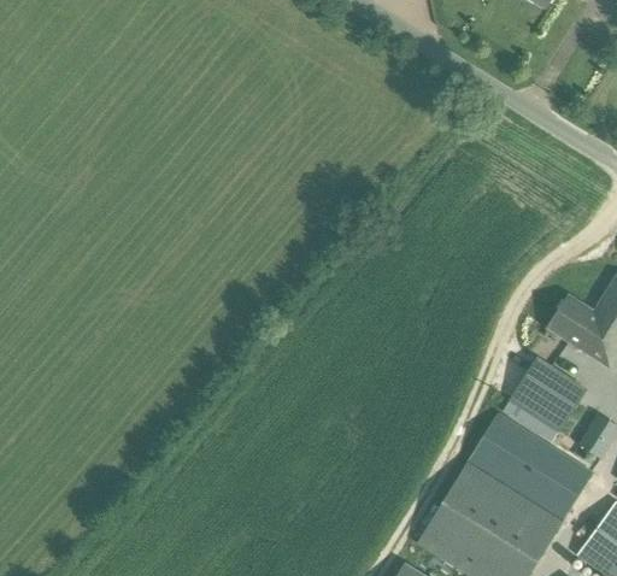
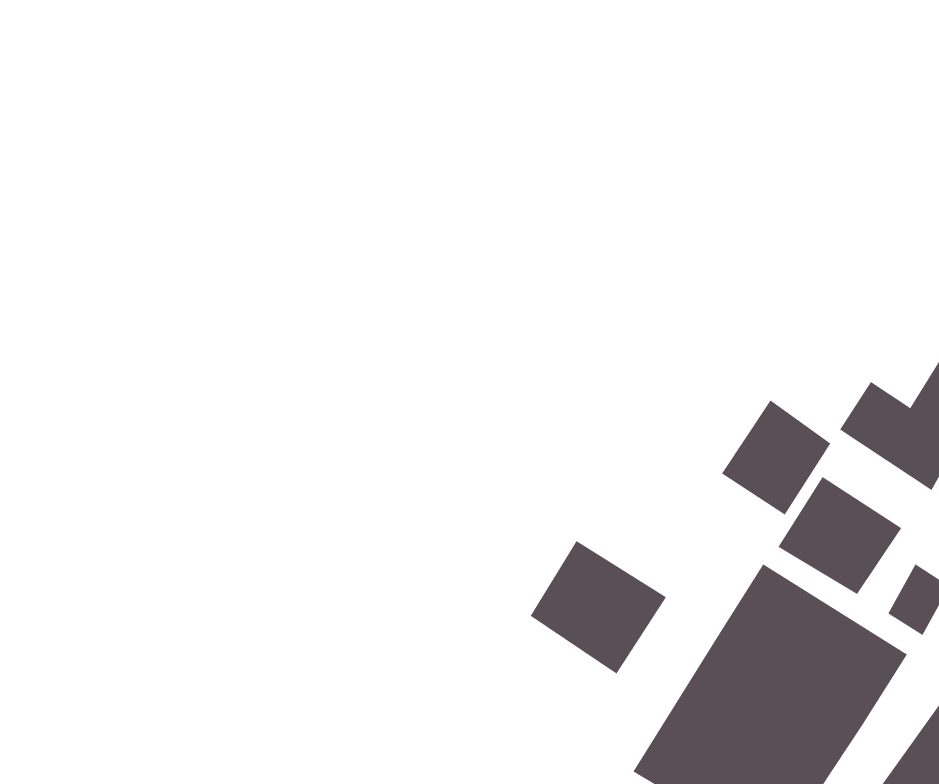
building: none -> [721,400,831,515]
building: none -> [530,540,667,674]

